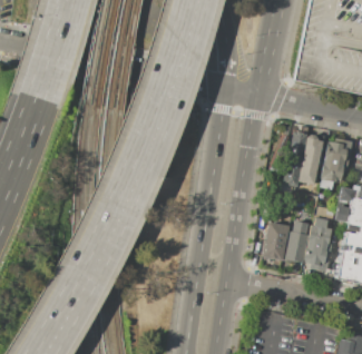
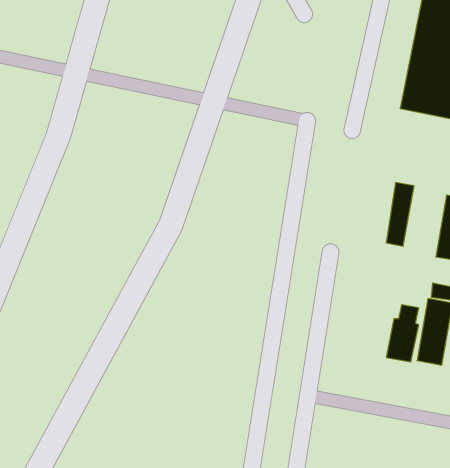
building: [300,137,322,184] -> none
building: [262,222,288,260] -> none

